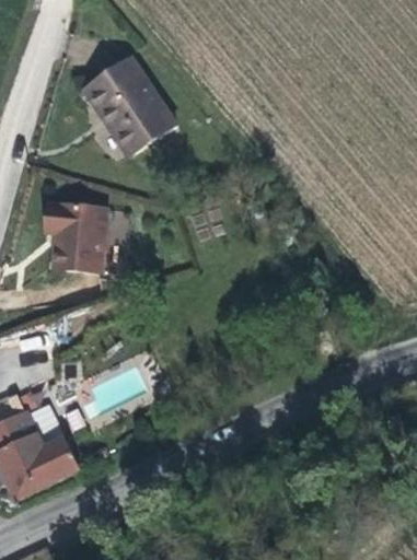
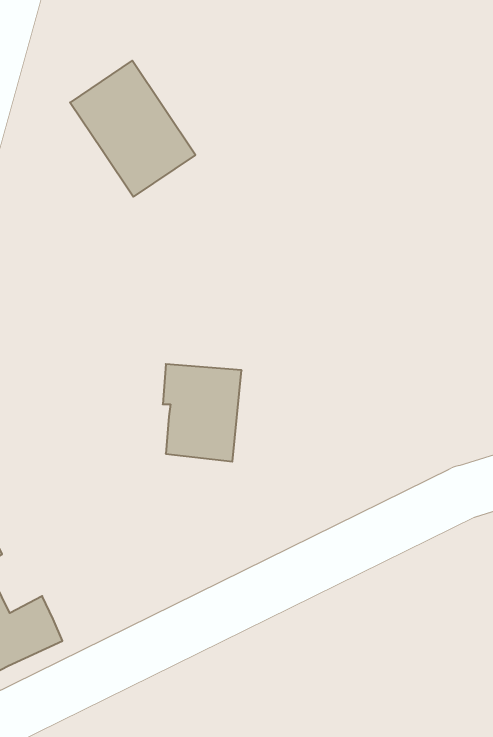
building: [51,202,107,271] -> [163,364,242,462]

